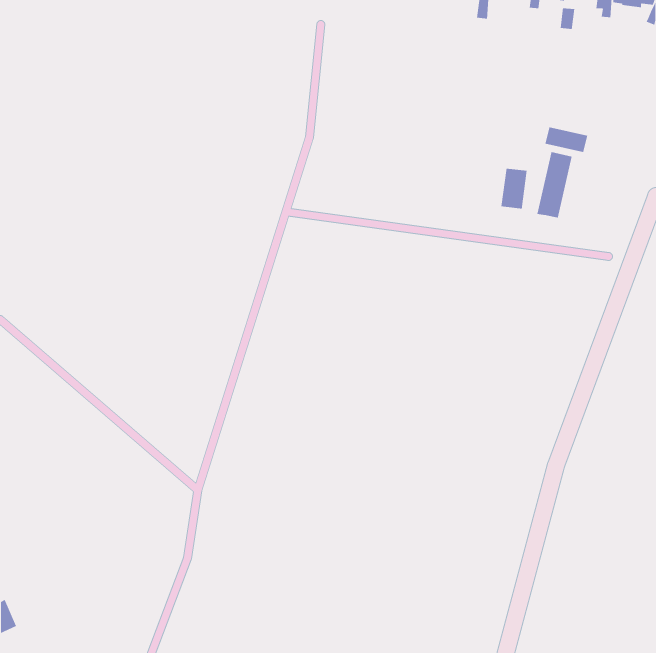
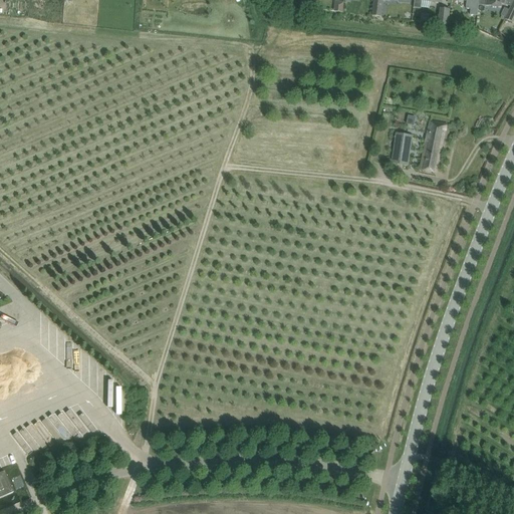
building: [545,126,588,153] -> none

